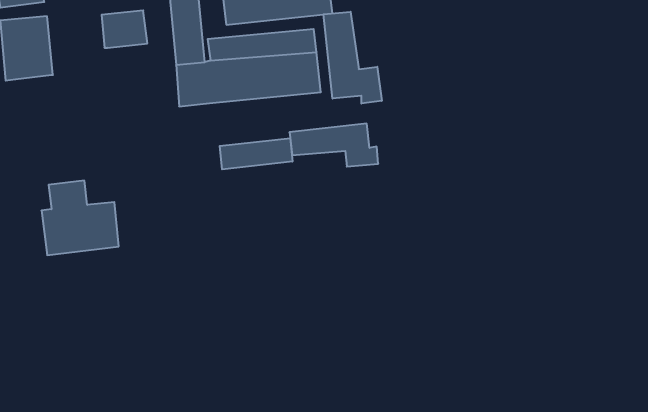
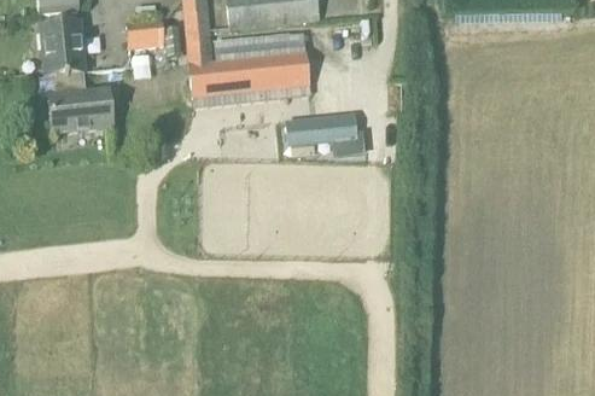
building: [323,12,382,104] -> none
building: [220,138,292,169] -> none
building: [41,181,119,255] -> [47,71,112,134]

